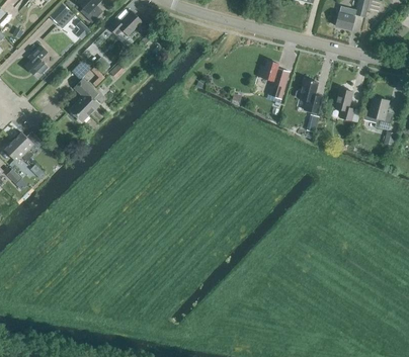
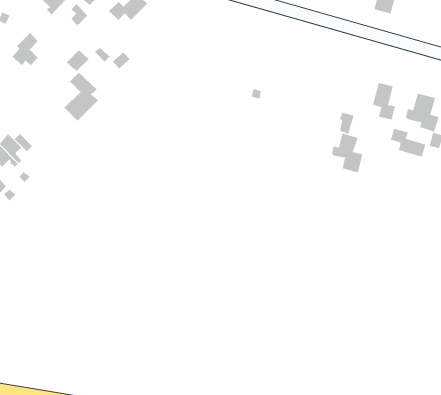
building: [257,61,290,99] -> none
building: [296,79,323,113] -> [331,133,363,173]
building: none -> [390,128,426,157]

